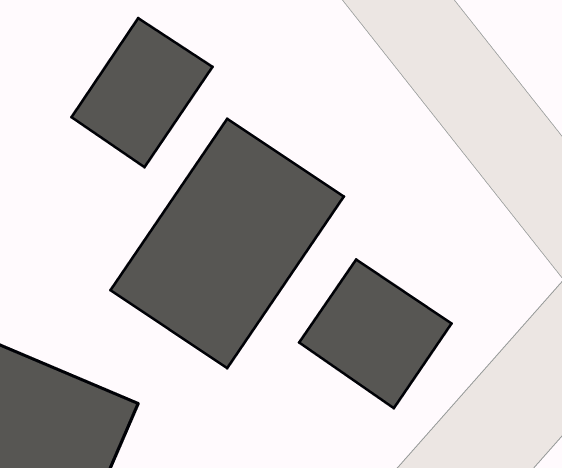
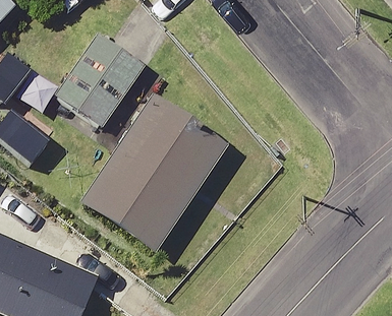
building: [299,260,451,408] -> none

